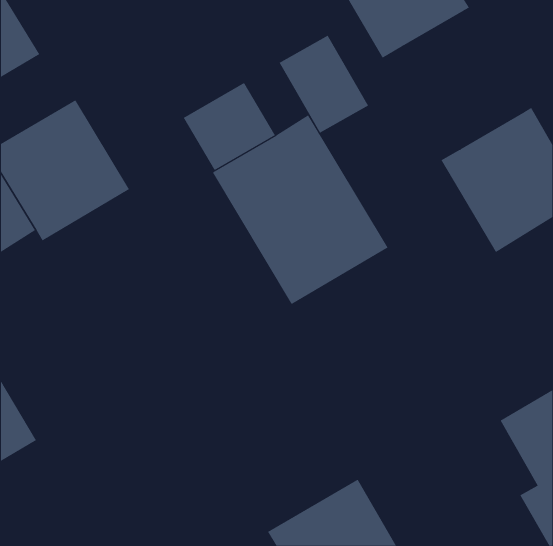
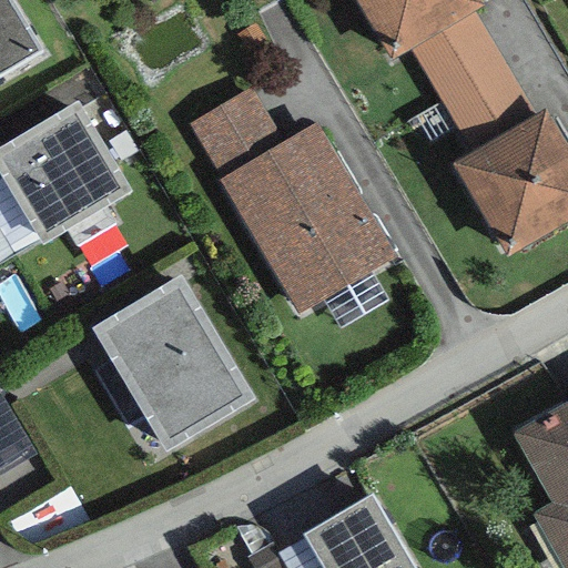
building: none -> [413,11,536,153]
building: [279,35,369,133] -> none
building: none -> [90,277,254,456]

